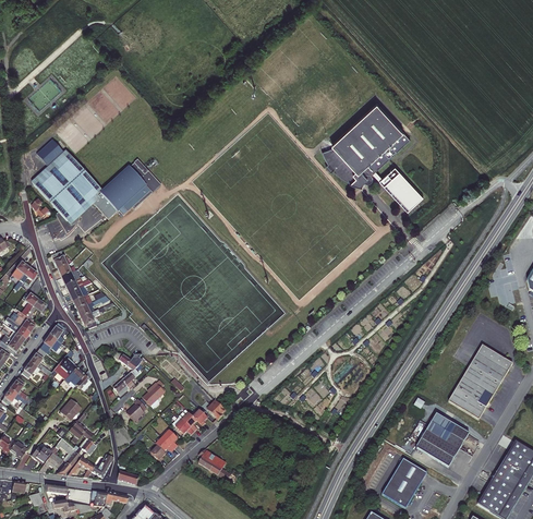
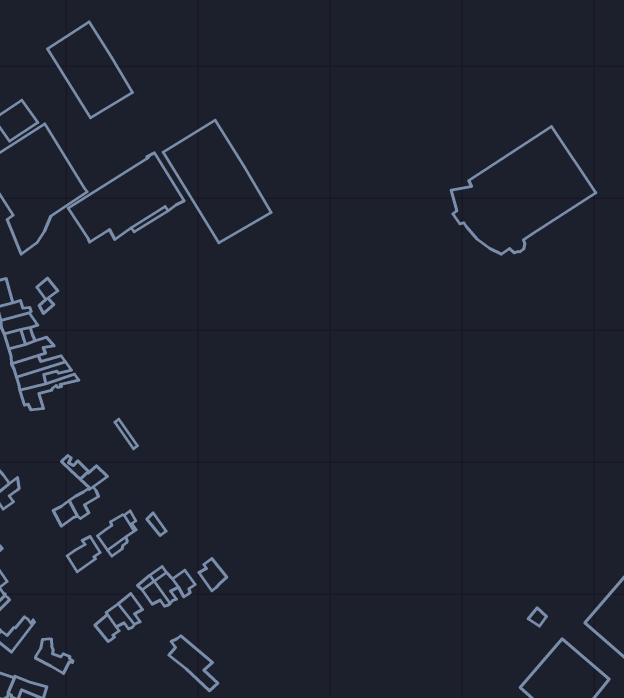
building: none -> [48,22,132,118]
building: none -> [163,120,271,243]
building: [373,165,424,209] -> none

